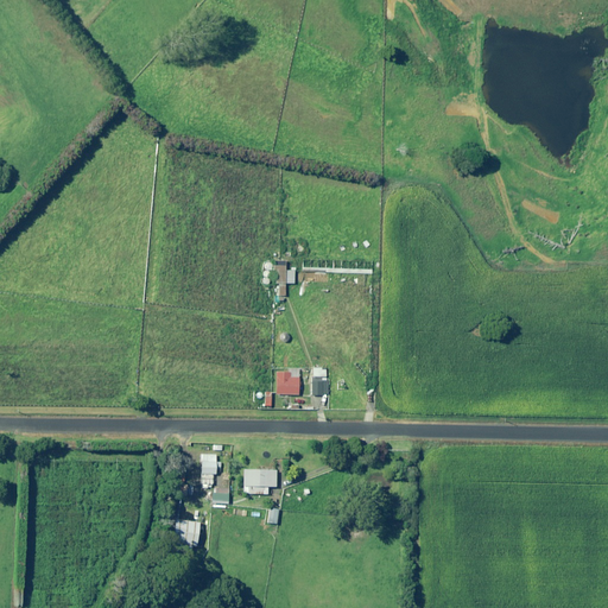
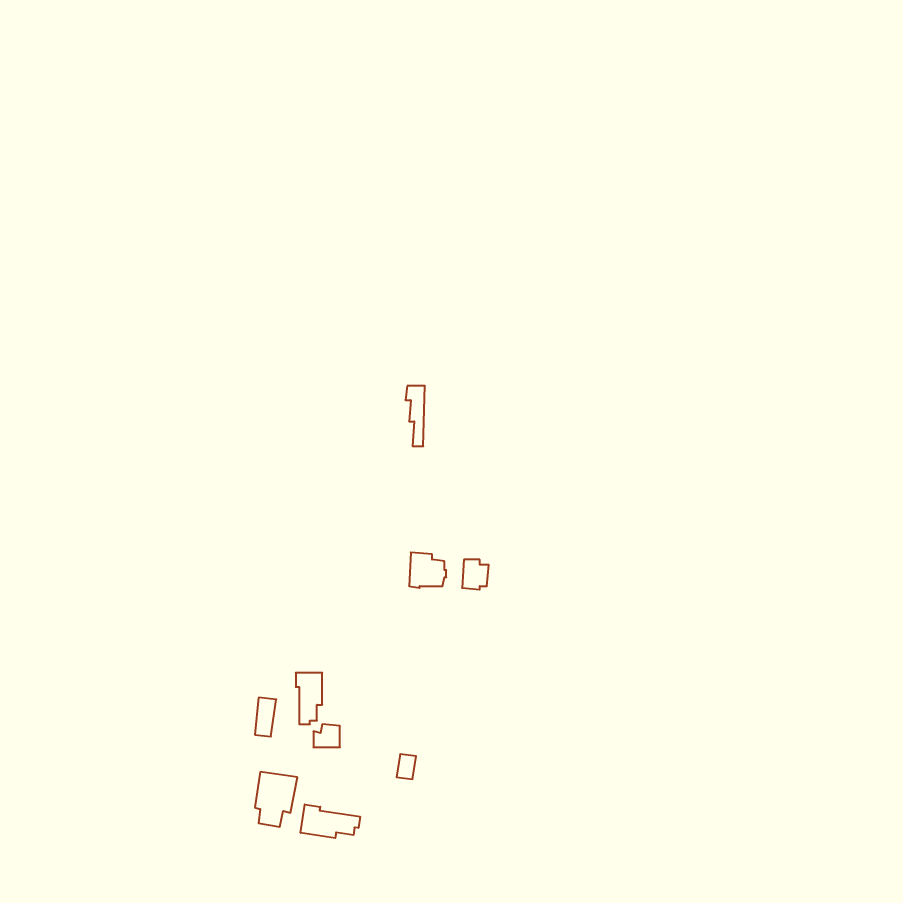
building: [242,468,277,493] -> none
building: none -> [301,804,360,838]

